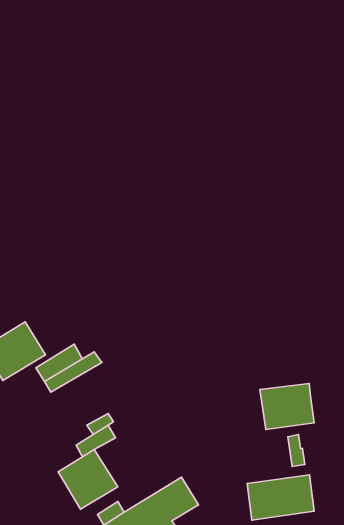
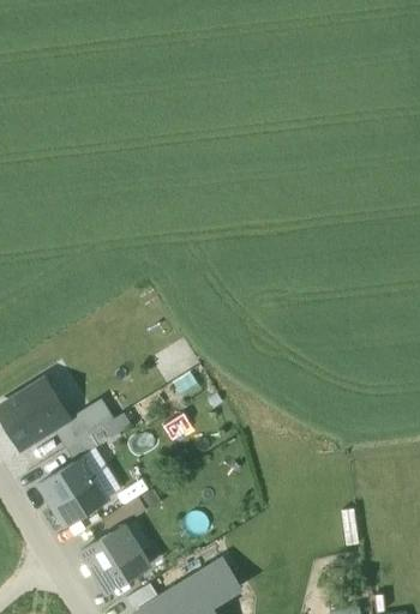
building: [260,383,314,430] -> none
building: none -> [43,459,109,524]
building: [247,475,314,520] -> none

